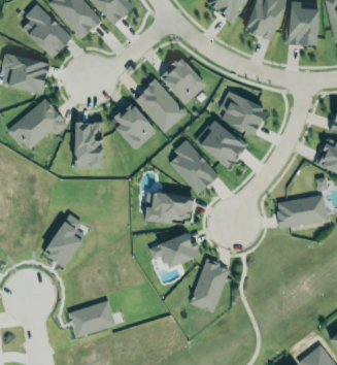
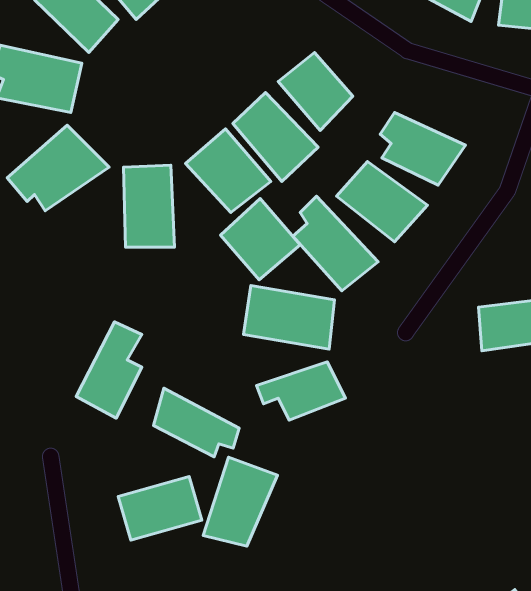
building: none -> [221,199,300,280]
building: none -> [154,388,239,457]
building: [190,260,232,310] -> [203,457,278,546]

